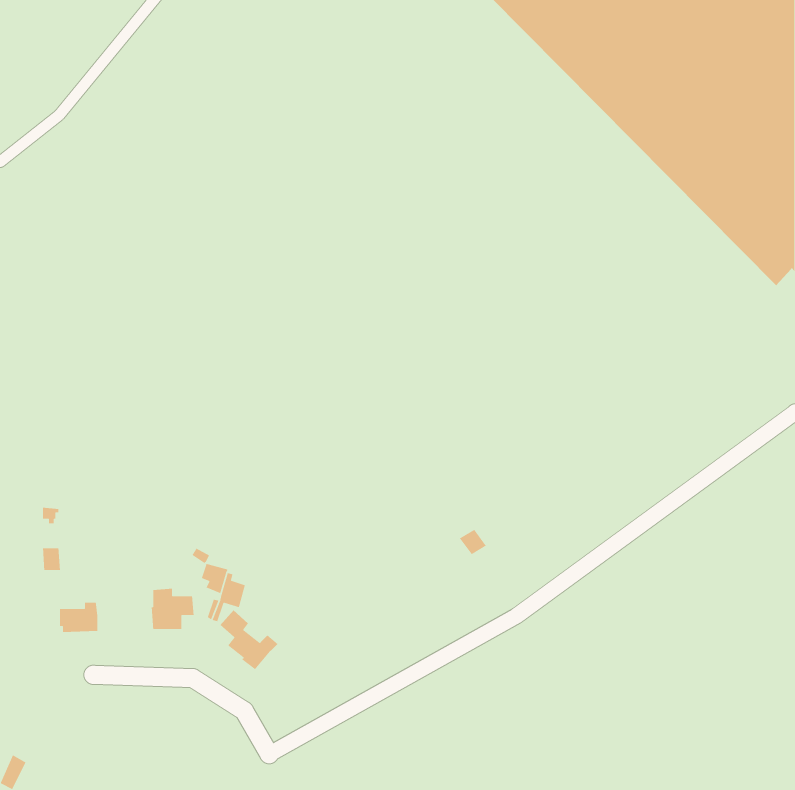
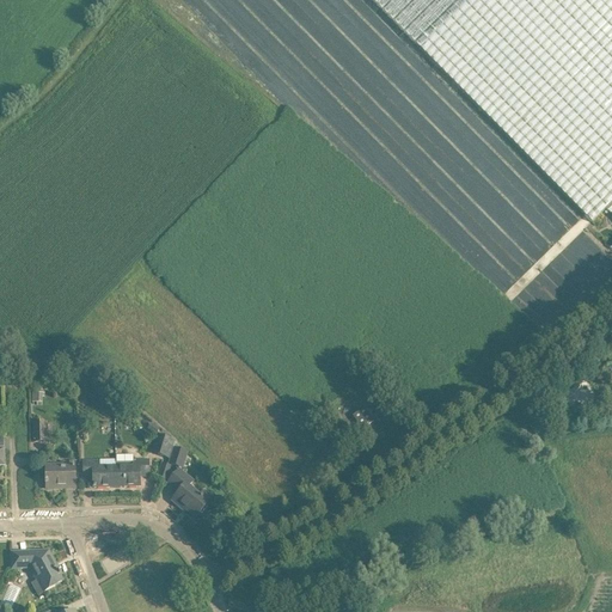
building: none -> [84,459,117,485]
building: none -> [12,550,63,593]

